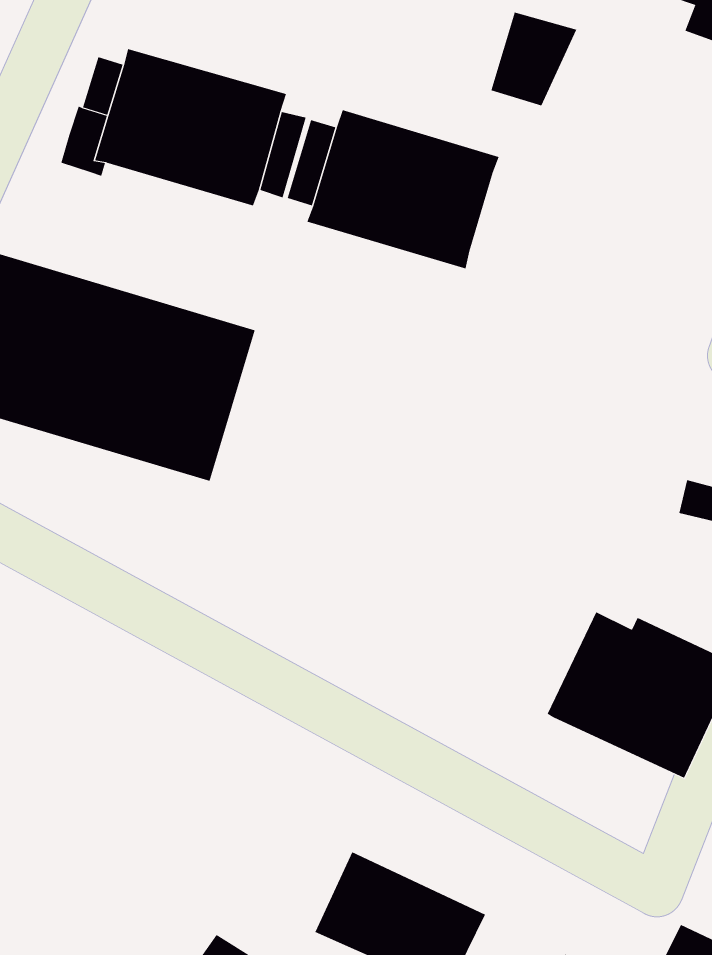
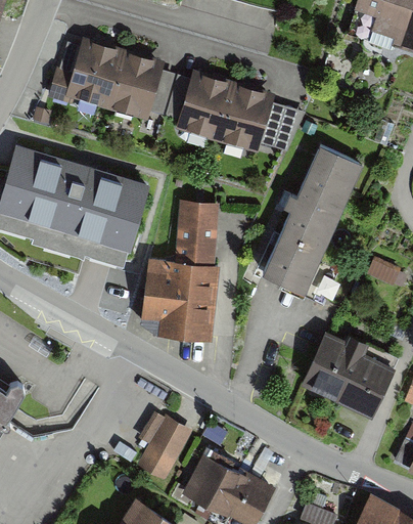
building: [491,12,577,106] -> [262,102,307,151]
building: none -> [265,144,364,289]
building: none -> [139,203,218,343]
building: none -> [137,413,193,485]

